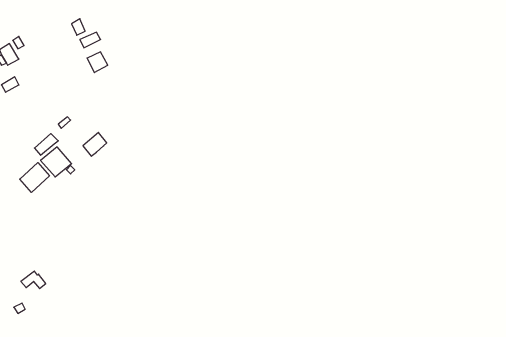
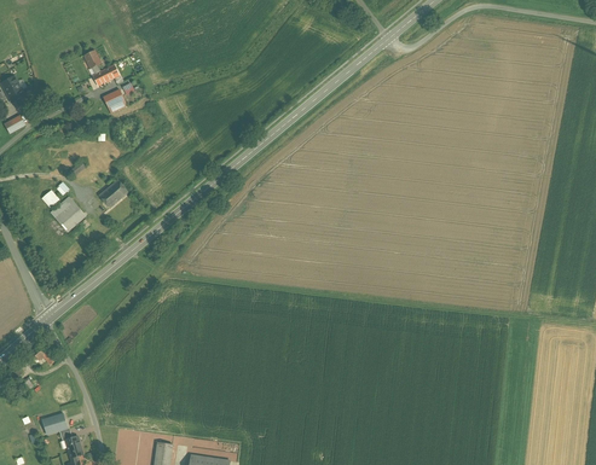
building: [20,163,49,192] -> none

